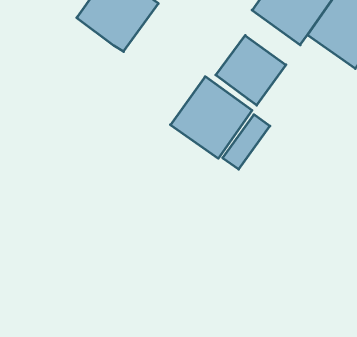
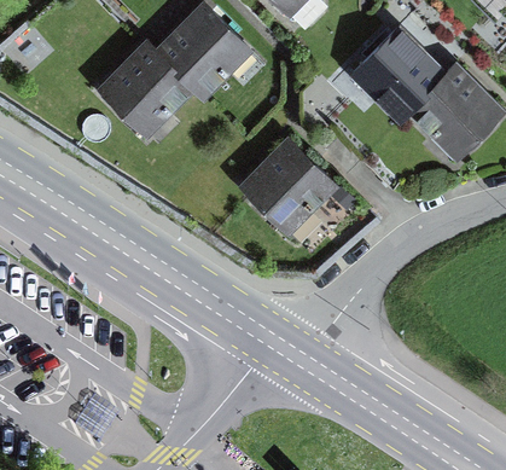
building: none -> [99,40,192,133]
building: [216,35,286,105] -> none

